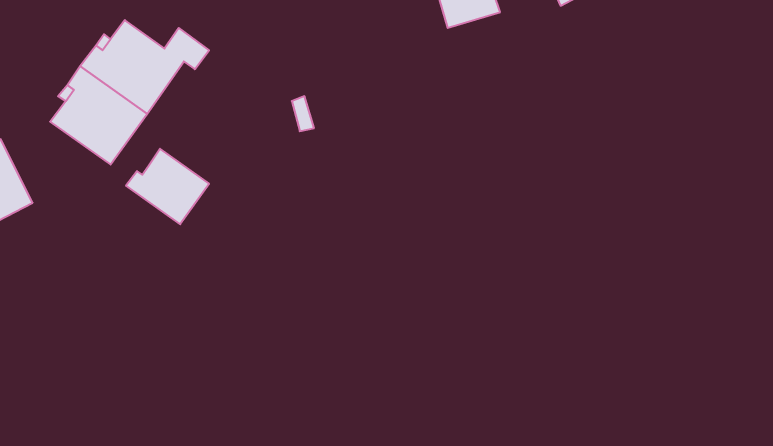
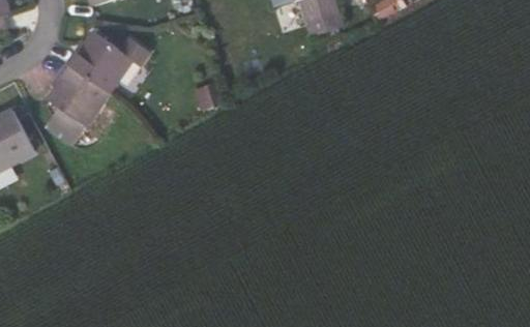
building: [126,149,209,224] -> none

